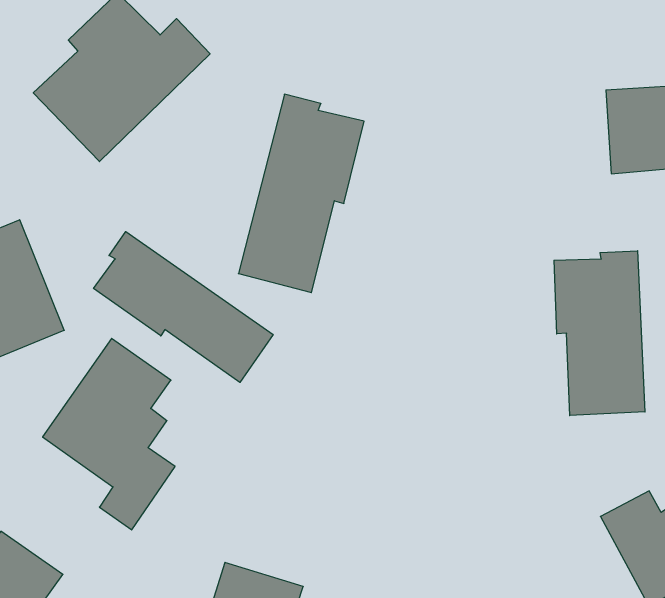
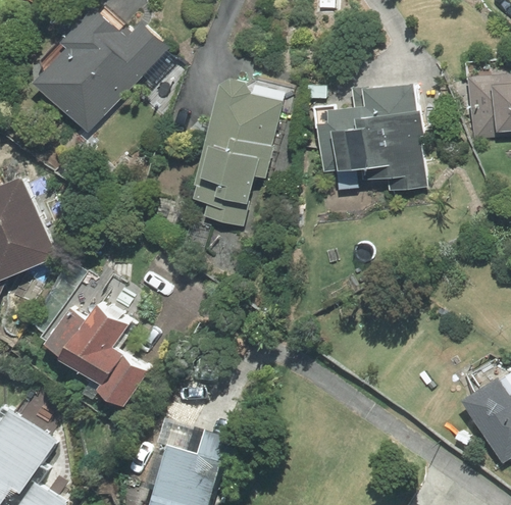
building: none -> [316,85,426,192]
building: [94,232,273,382] -> none
building: [554,251,645,416] -> none

